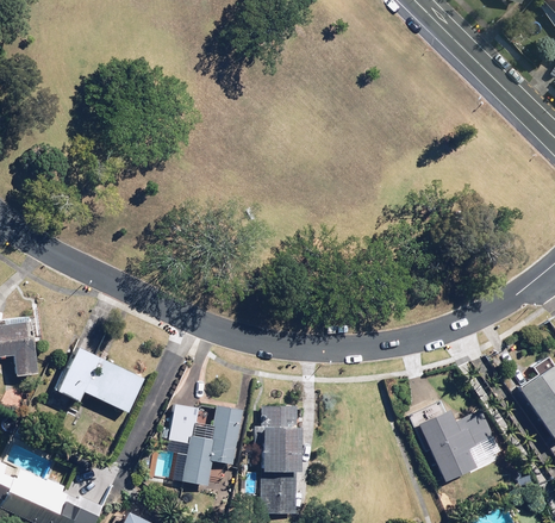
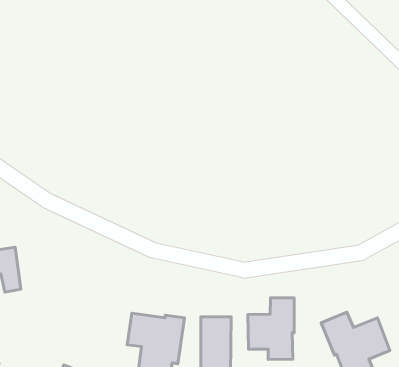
building: [55,348,144,413] -> none
building: none -> [248,298,294,359]

